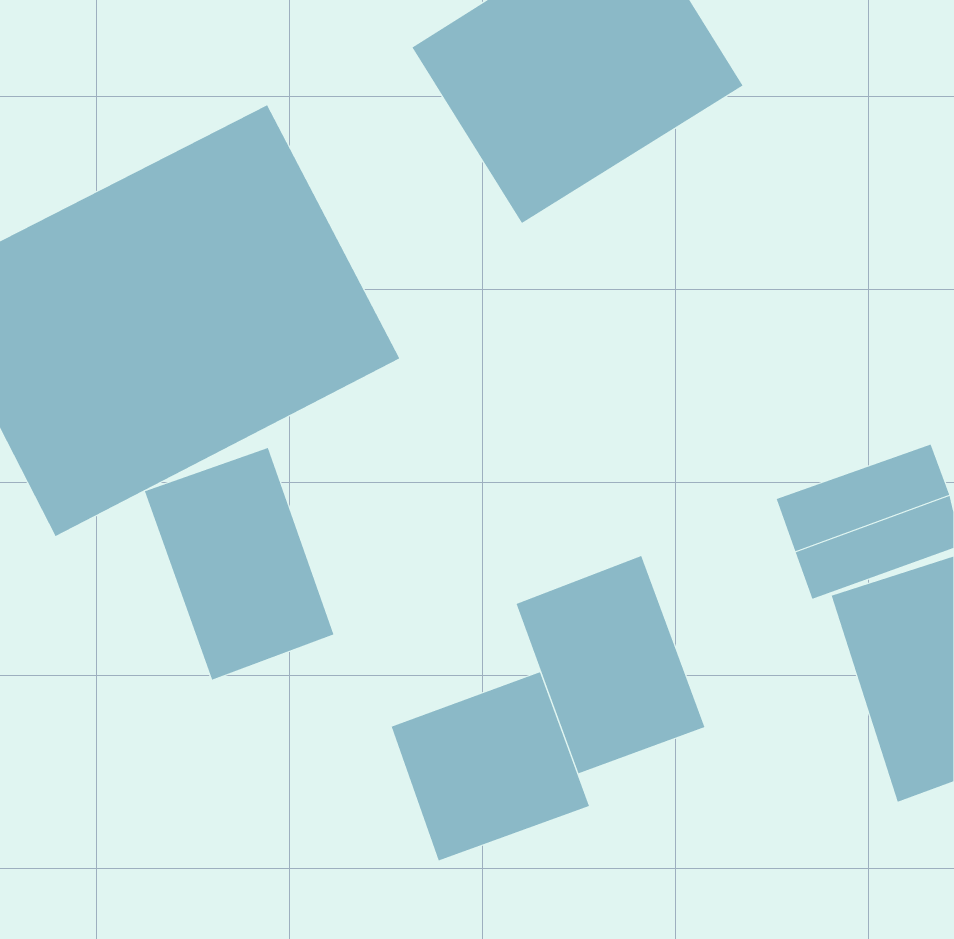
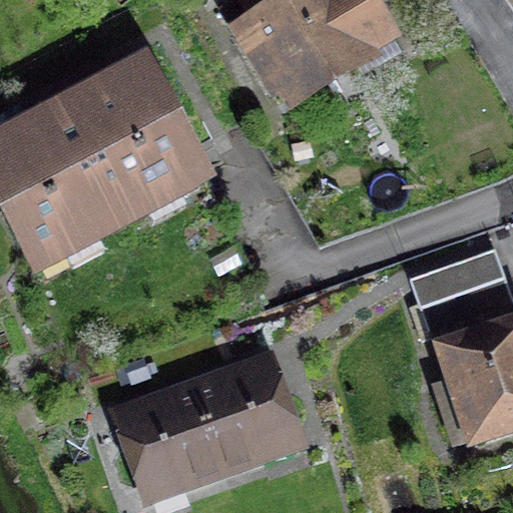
building: [144,447,334,680] -> none
building: [516,555,705,774] -> none
building: none -> [121,384,231,485]

